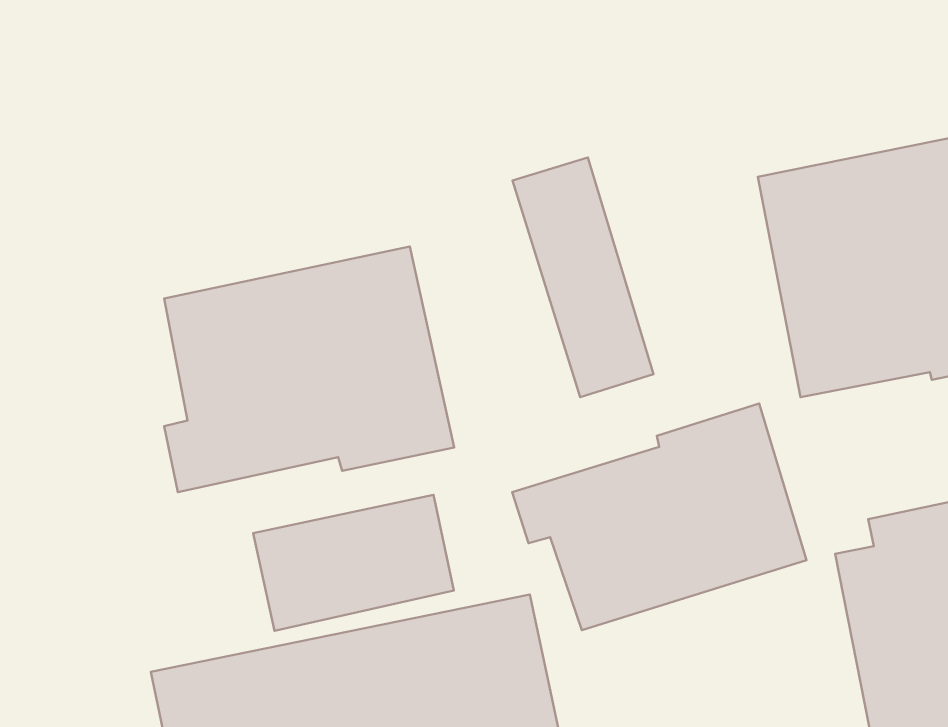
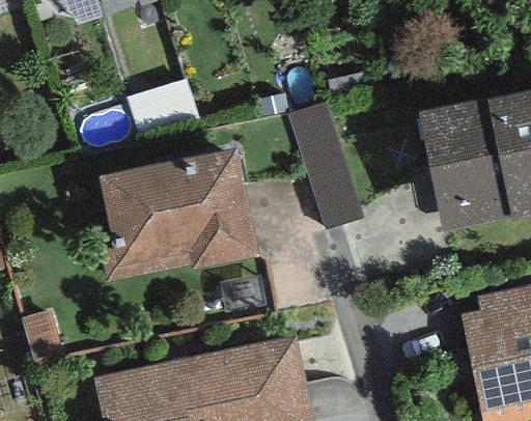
building: [512,403,806,630] -> none
building: [253,495,454,631] -> none

